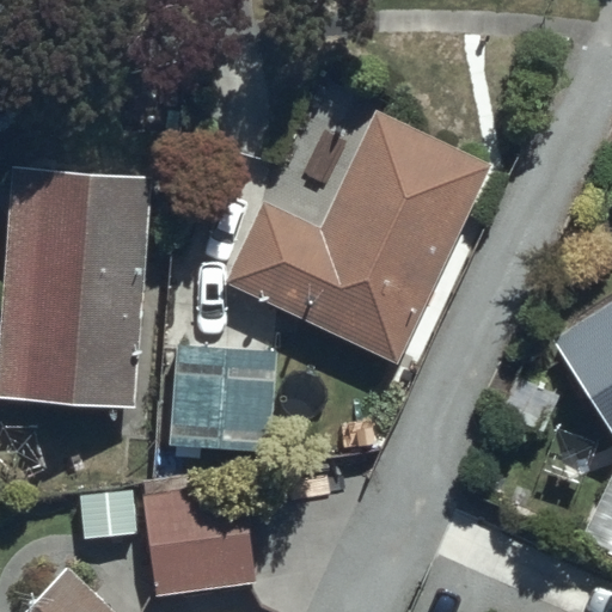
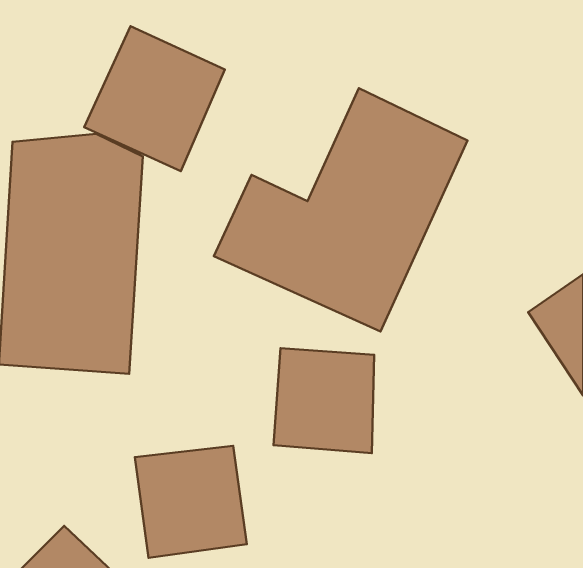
building: none -> [84,26,225,171]
building: [169,349,274,459] -> [274,348,374,453]

